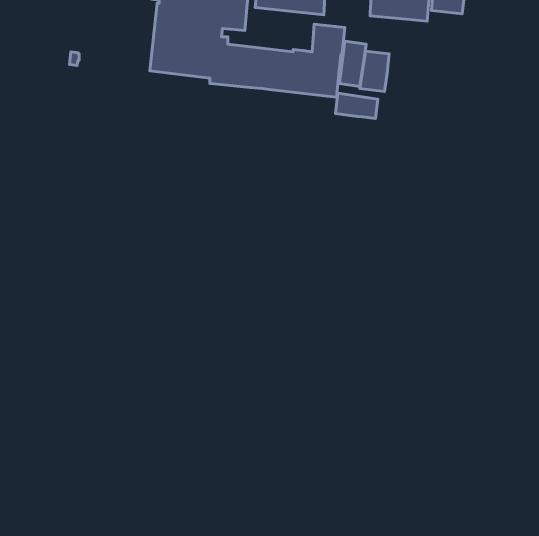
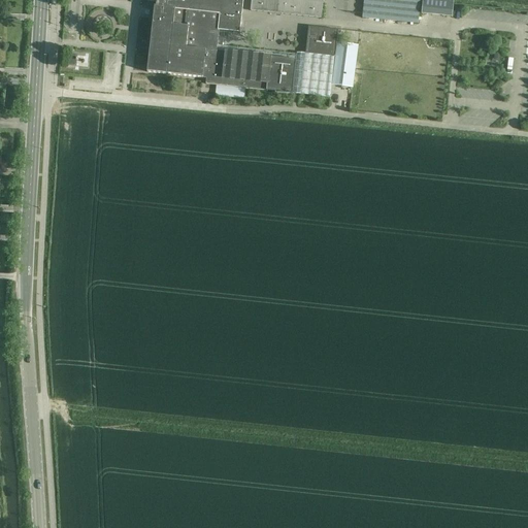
building: [360,51,389,92] -> none
building: [335,93,378,118] -> none

